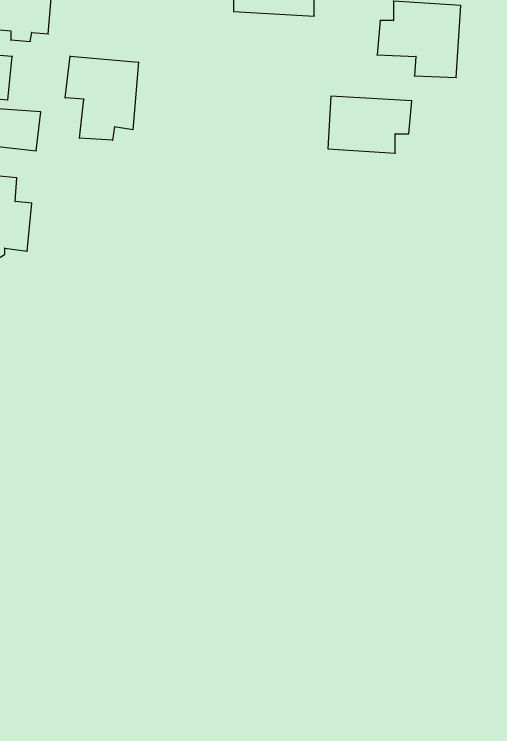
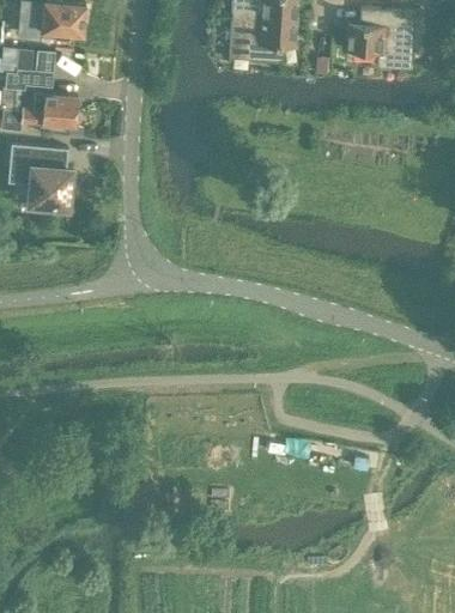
building: [65,56,138,140] -> none
building: [328,96,412,153] -> [230,17,297,62]

